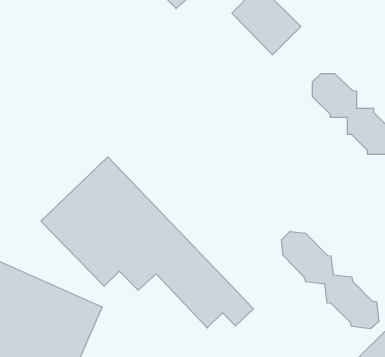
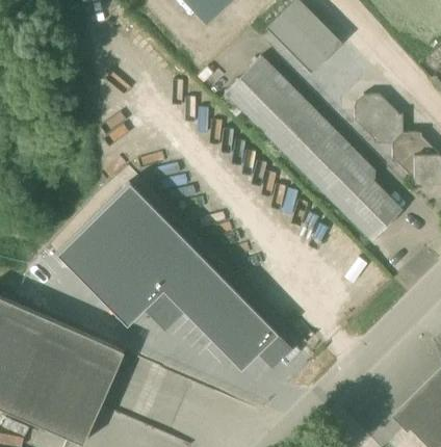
building: none -> [219,55,403,239]
building: [281,231,379,329] -> none

